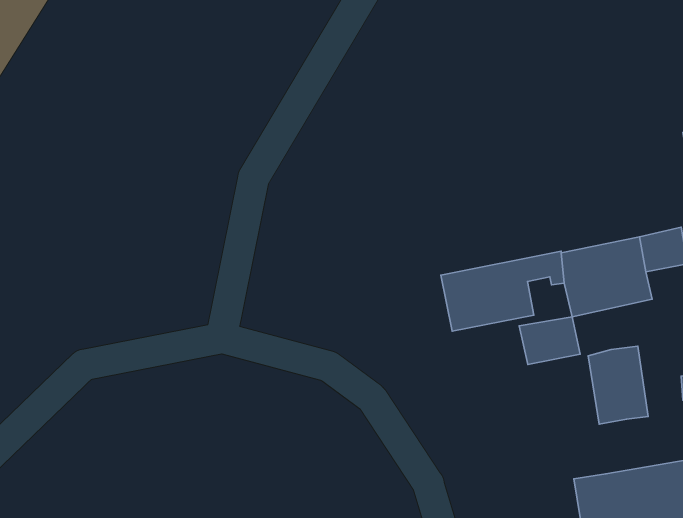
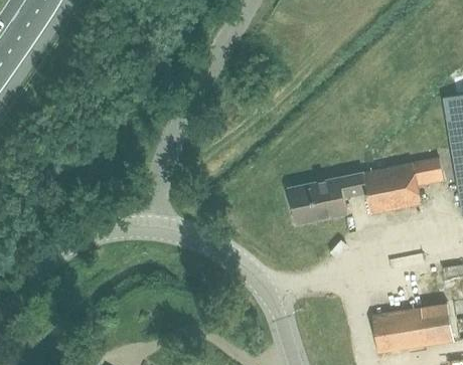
building: [519,317,580,365] -> none
building: [588,346,648,424] -> none

